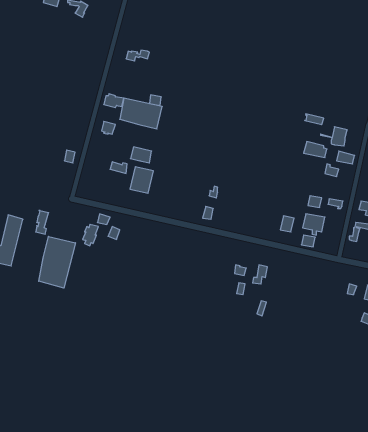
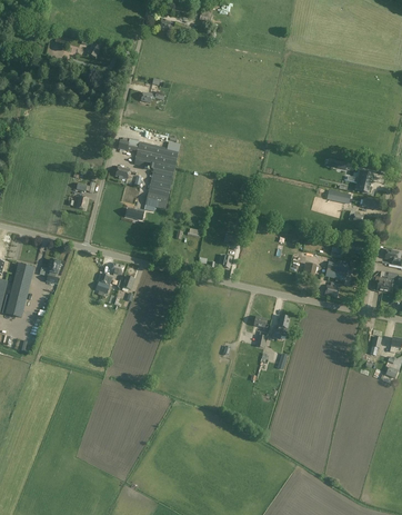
building: [130,167,153,193] -> [149,169,173,197]
building: [39,236,75,288] -> none

